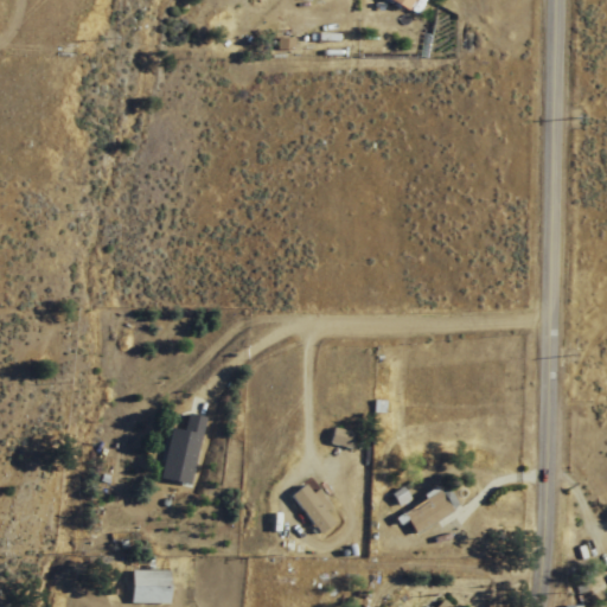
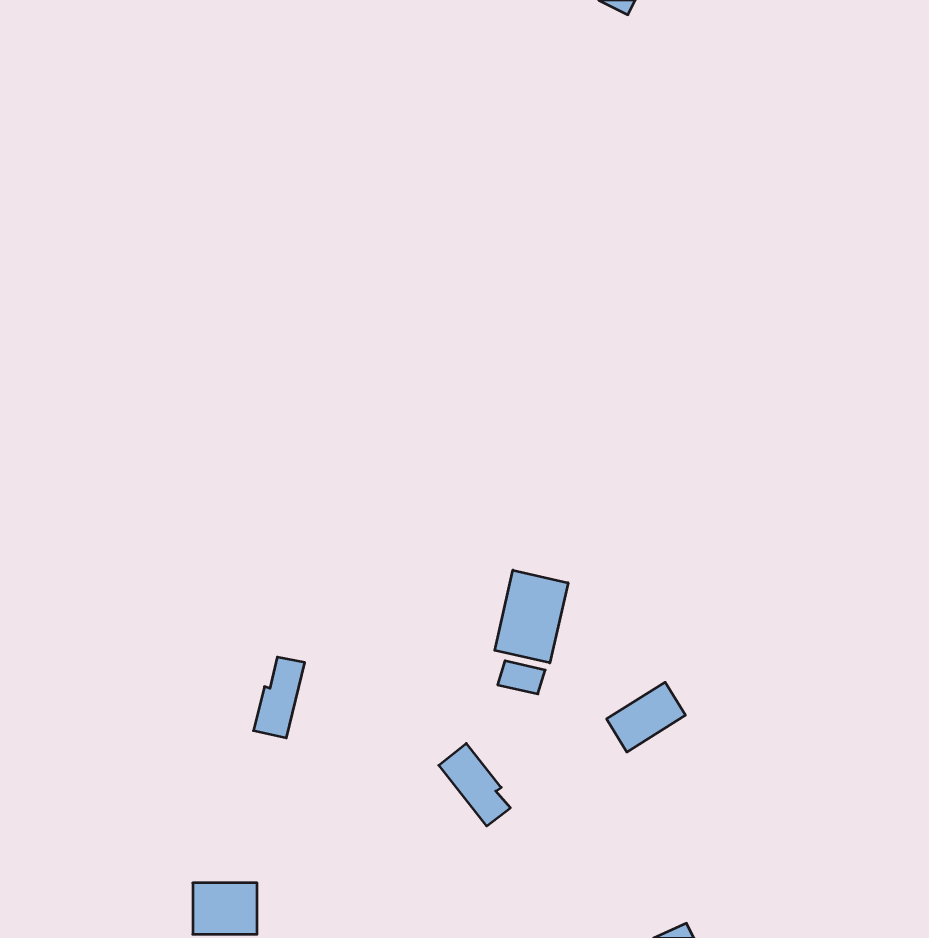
building: none -> [495,570,568,663]
building: [402,488,453,533] -> [607,682,685,752]

